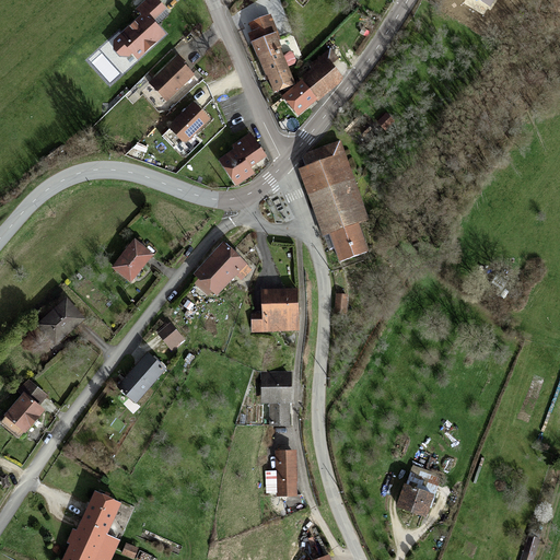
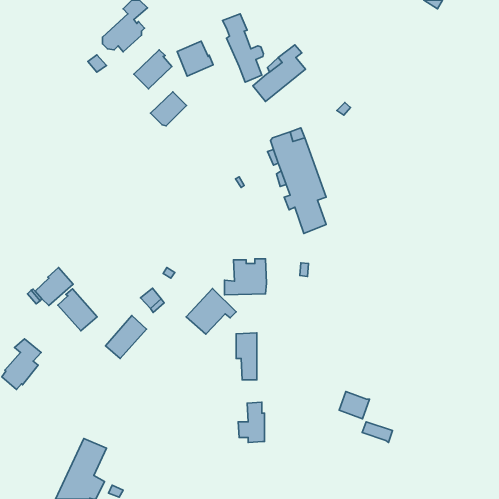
building: none -> [177,41,213,76]
building: [220,133,265,185] -> none
building: [114,241,152,281] -> none
building: [195,243,250,294] -> [186,288,236,334]
building: none -> [58,289,97,331]
building: [398,485,432,515] -> [339,391,369,419]

